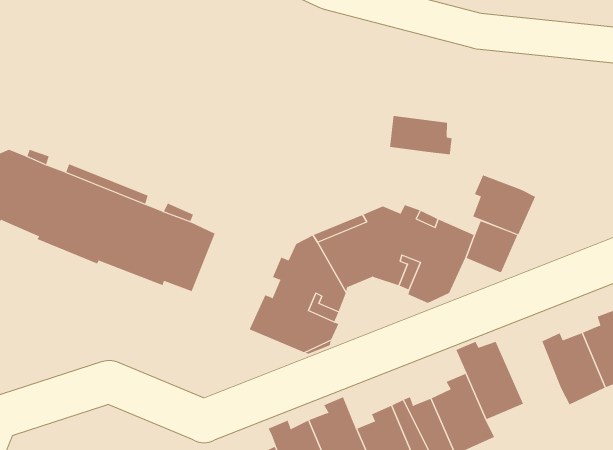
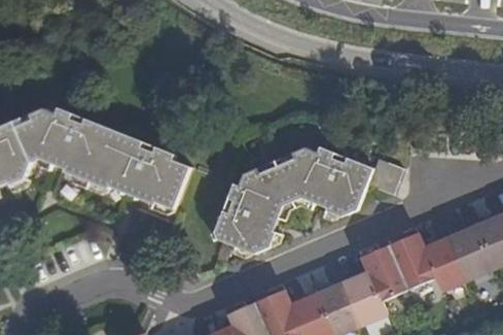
building: [389,115,452,155] -> none
building: [473,174,536,235] -> none
building: none -> [387,228,432,289]

